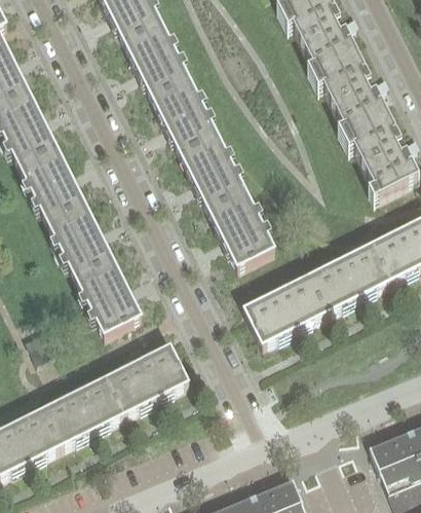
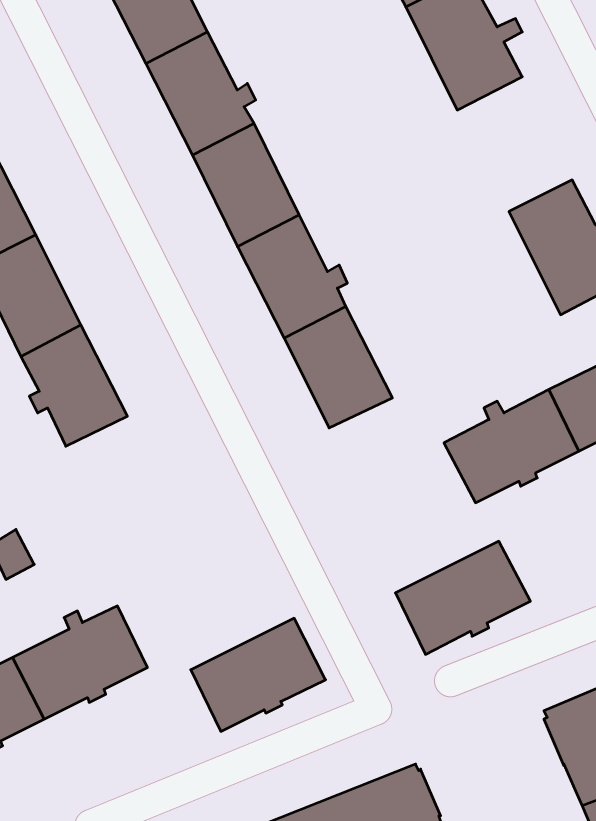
building: [316,49,387,133] -> none
building: [75,259,142,334] -> none
building: [244,276,328,345] -> [395,541,530,654]
building: [107,344,190,414] -> [191,618,326,731]

